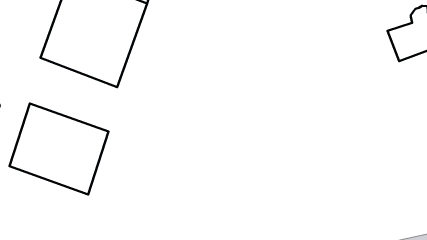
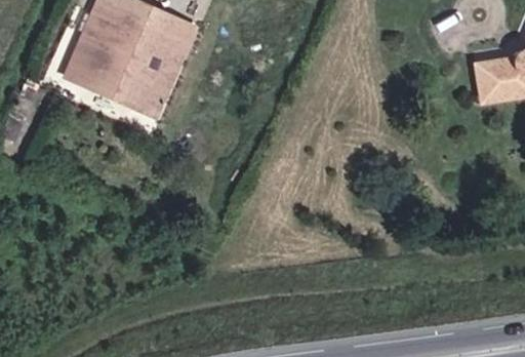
building: [9,103,109,194] -> none

